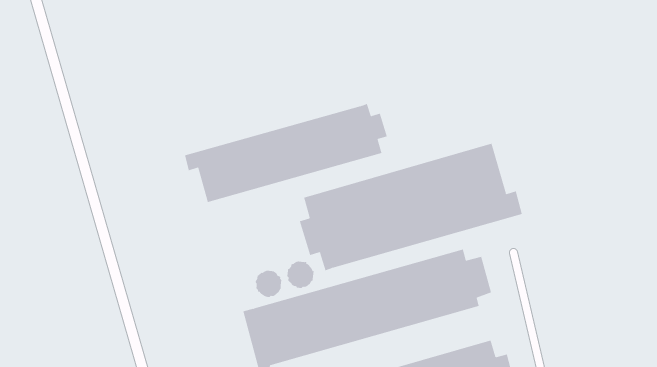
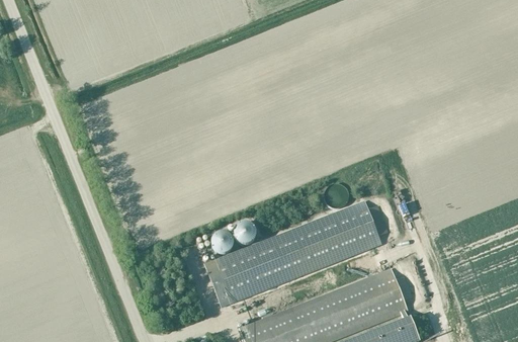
building: [184,103,387,203] -> none
building: [299,143,523,271] -> none

